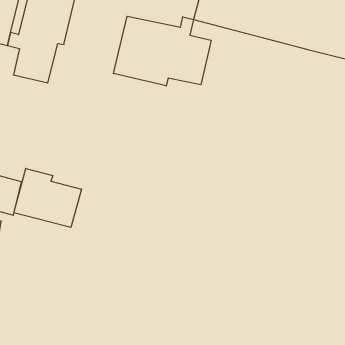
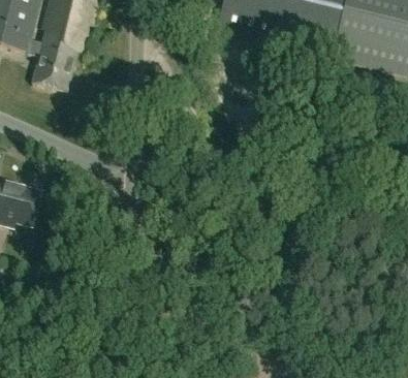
building: [113,16,211,86] -> none
building: [14,168,82,227] -> none

